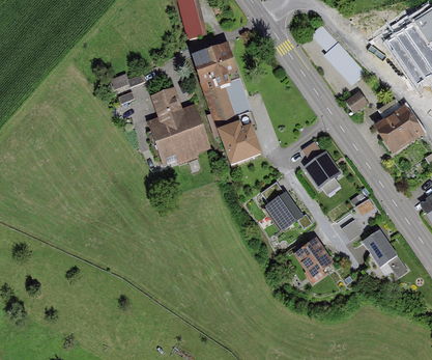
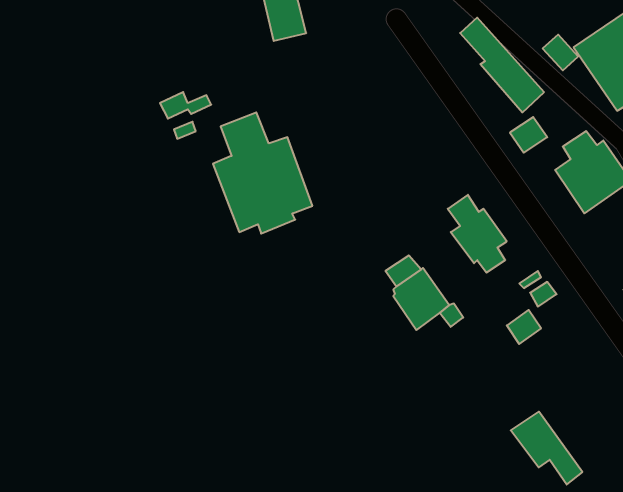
building: [191,41,262,164] -> none
building: [361,230,408,279] -> [511,412,582,485]
building: [293,238,334,284] -> none

